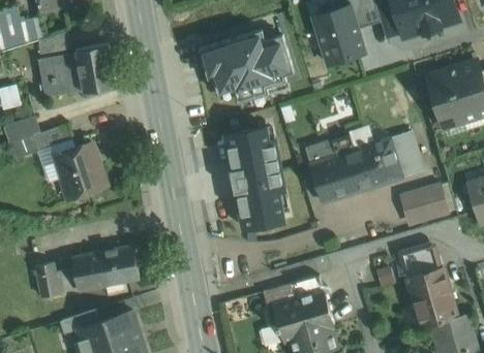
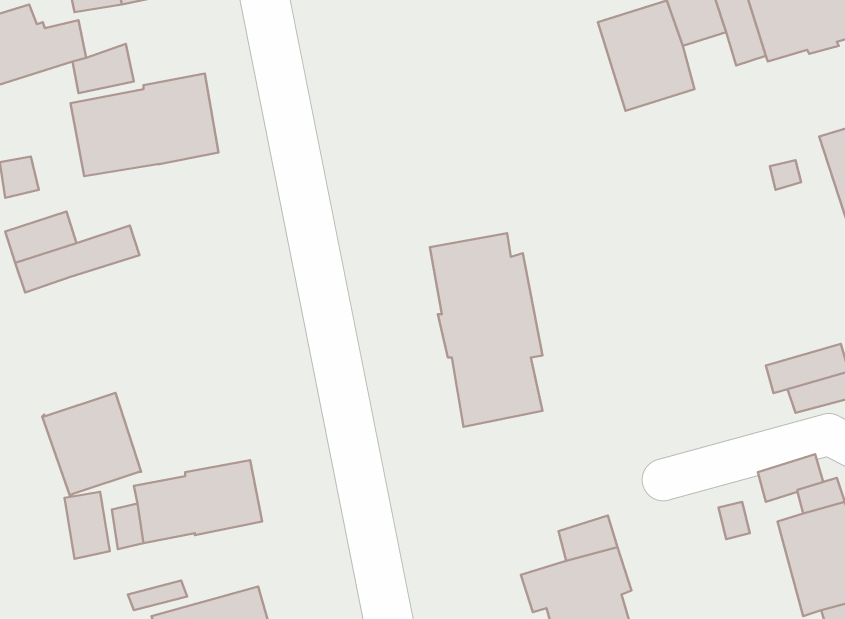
building: [199,29,294,102] -> none
building: [310,132,422,202] -> none
building: [54,143,105,197] -> [42,393,141,495]

